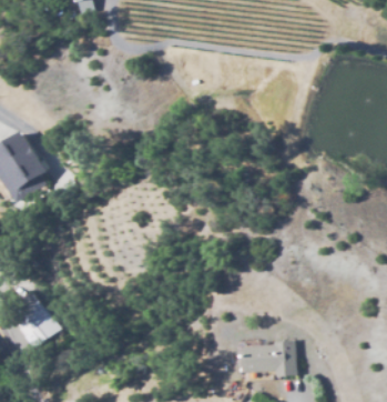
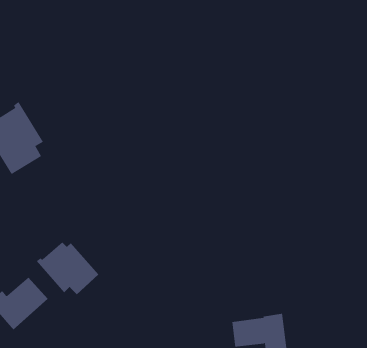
building: none -> [36,241,99,295]

